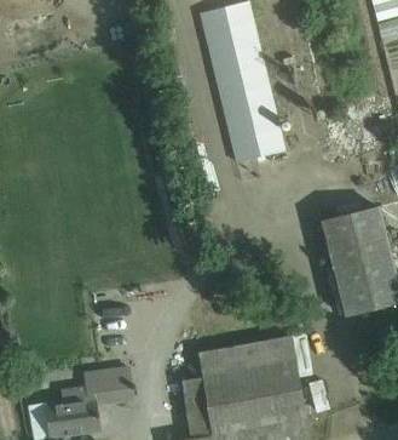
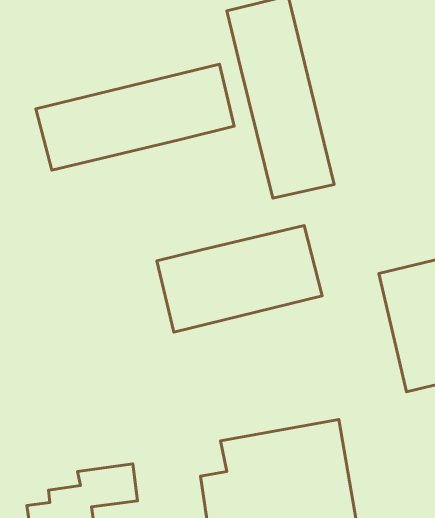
building: none -> [36,64,234,170]
building: none -> [157,225,322,332]

